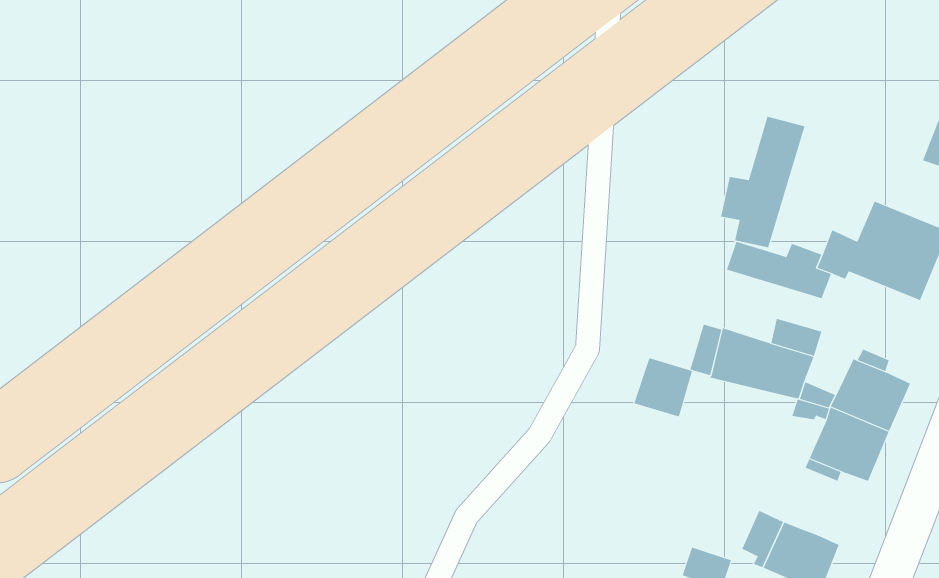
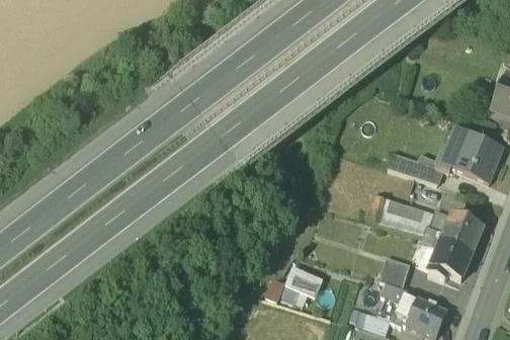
building: [720,116,805,248] -> none
building: [633,358,693,417] -> [377,256,409,287]
building: none -> [281,266,325,306]

